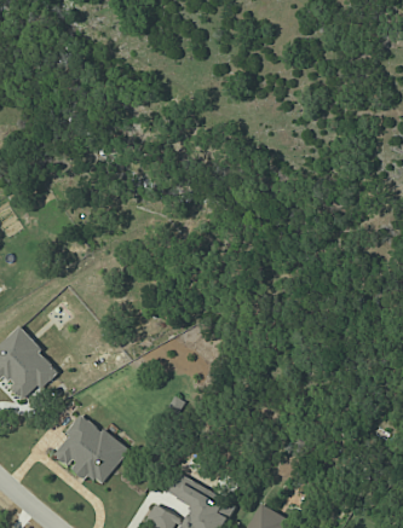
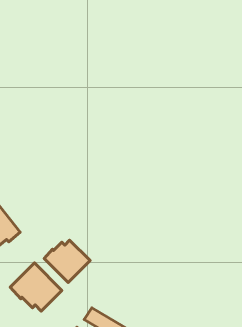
building: none -> [44,240,90,283]

